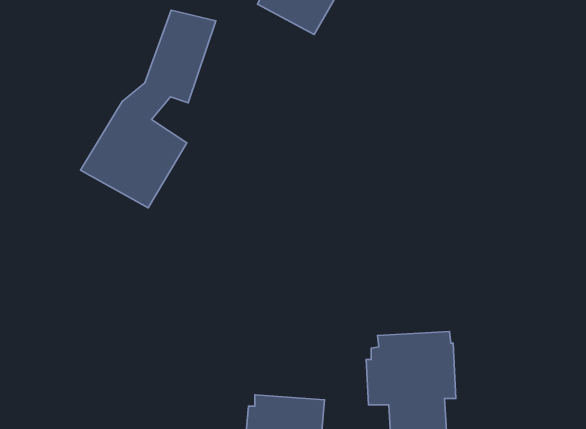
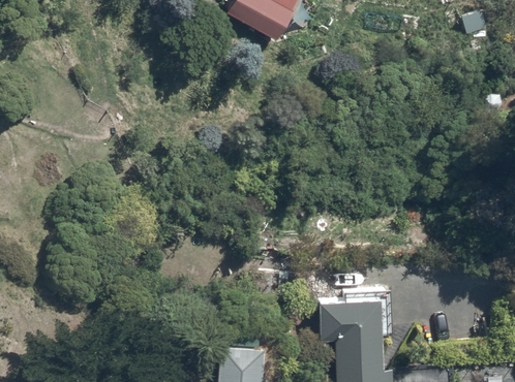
building: [81,10,216,208] -> none

